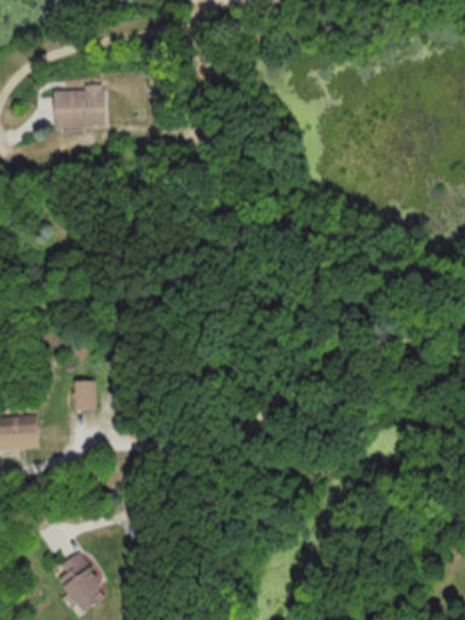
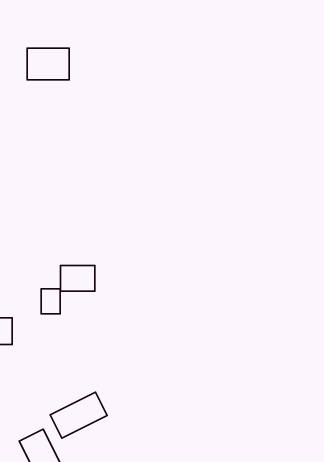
building: none -> [60,265,95,291]
building: none -> [50,392,107,438]

